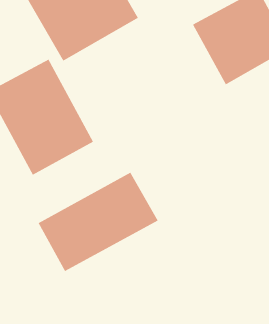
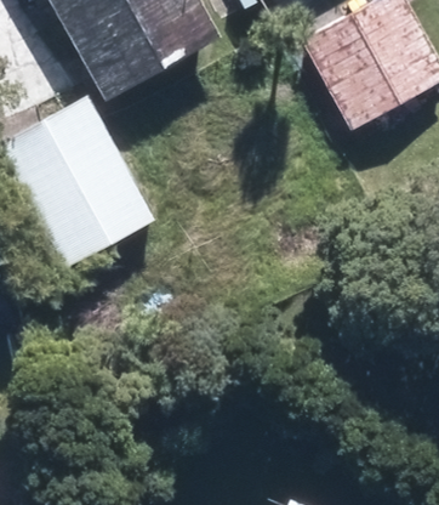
building: [38,172,159,272] -> none

